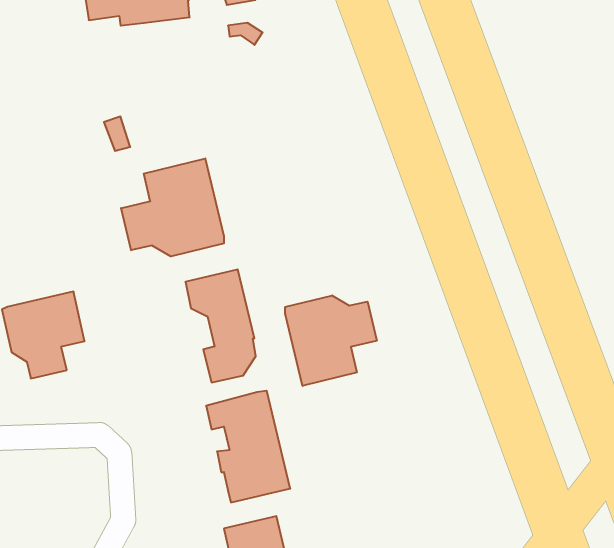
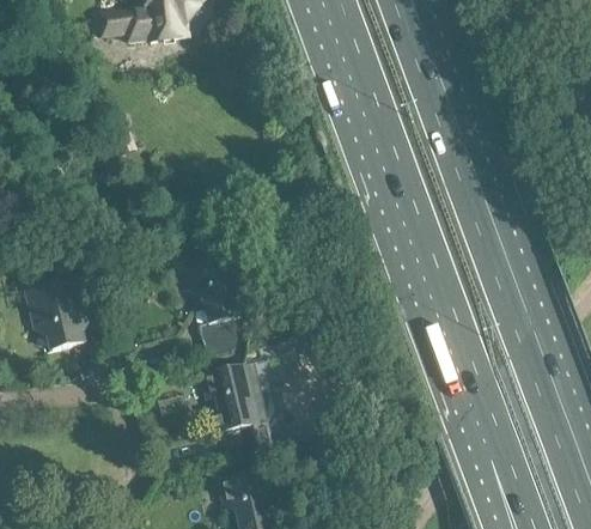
building: [121,158,224,256] -> none
building: [285,295,377,386] -> none

